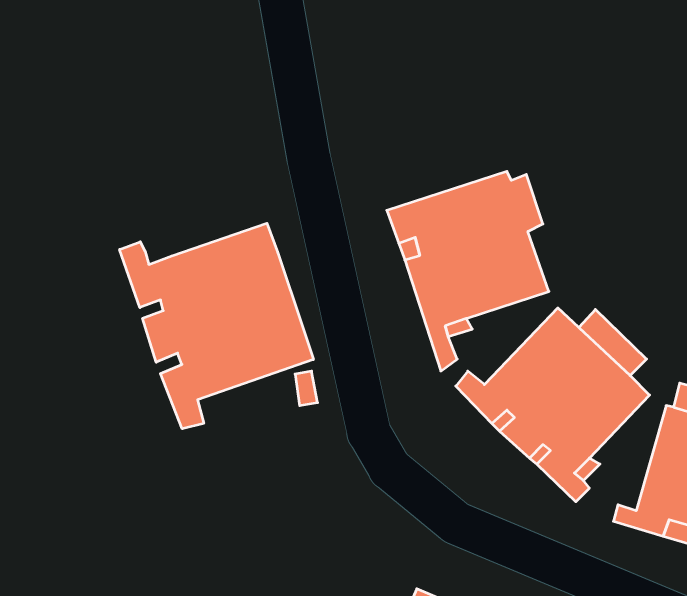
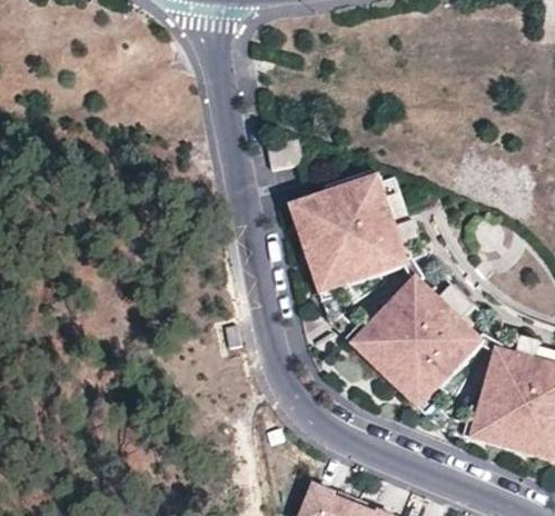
building: [120,223,313,429] -> none

